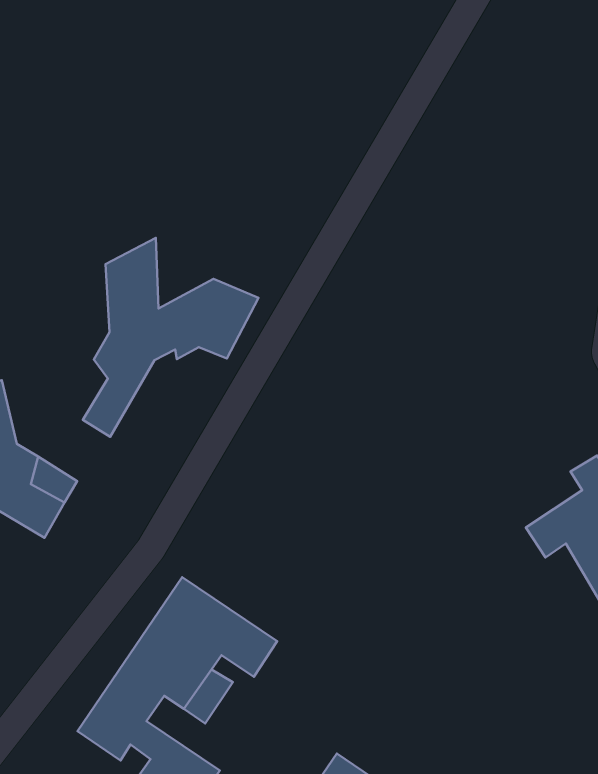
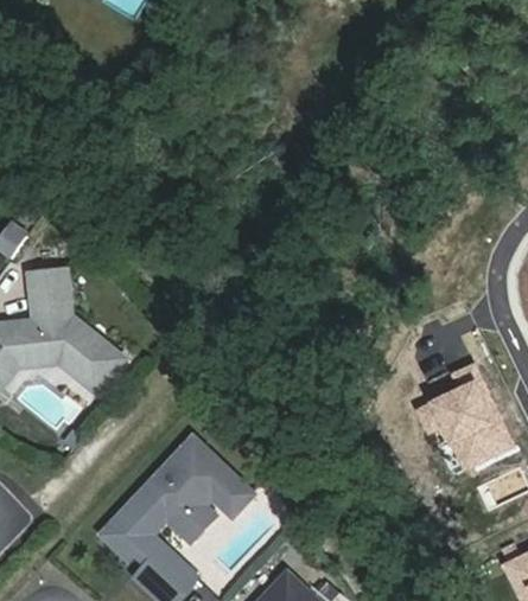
building: [83,238,259,437] -> none

